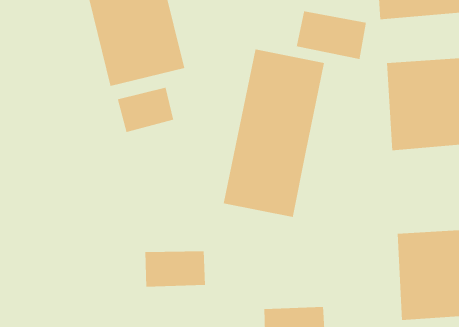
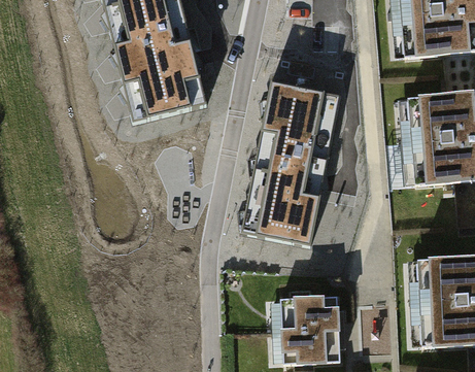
building: [296,11,367,60] -> none
building: [117,87,174,133] -> none
building: [144,251,206,287] -> [280,297,339,332]

